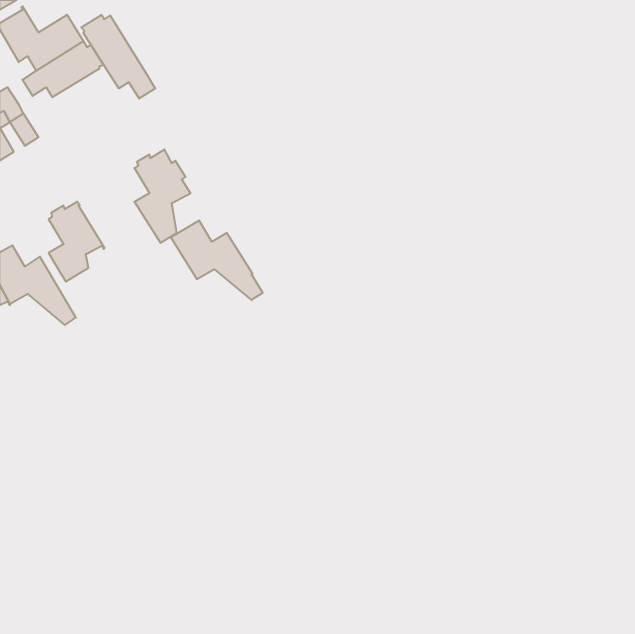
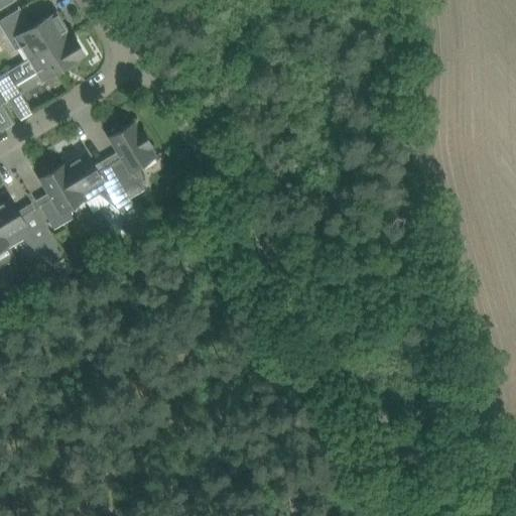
building: [81,15,155,99] -> none
building: [171,221,263,300] -> [63,155,138,220]

